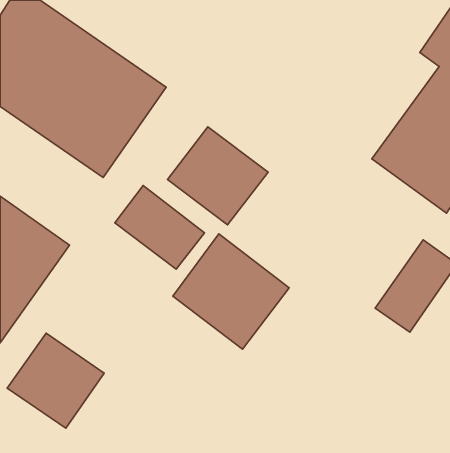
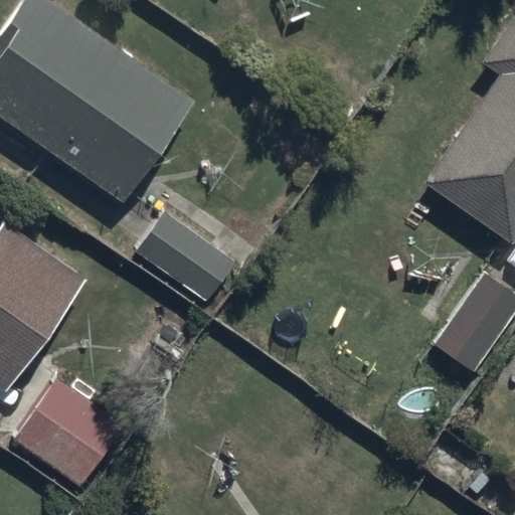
building: [168,127,268,225] -> none
building: [173,234,289,349] -> none

